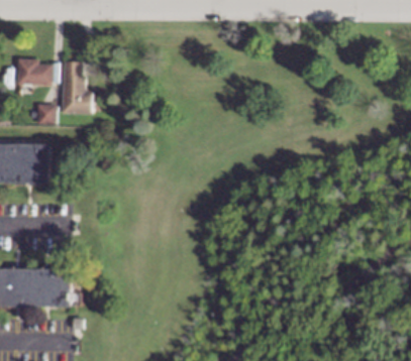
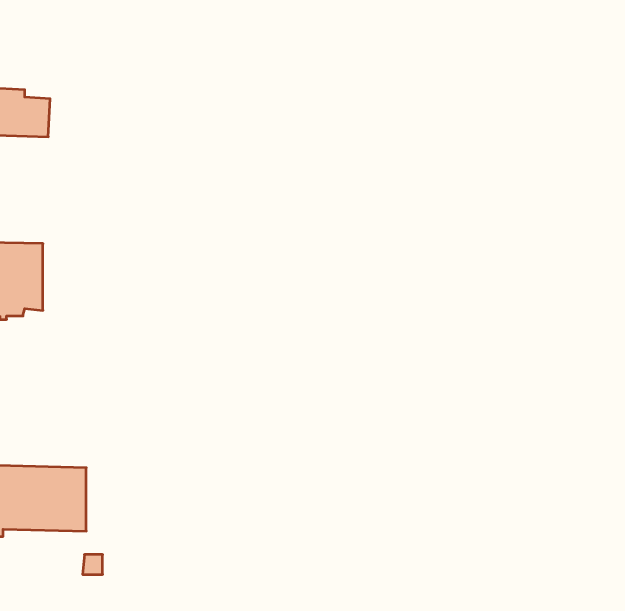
building: [62,62,91,114] -> none
building: [36,104,56,124] -> none

